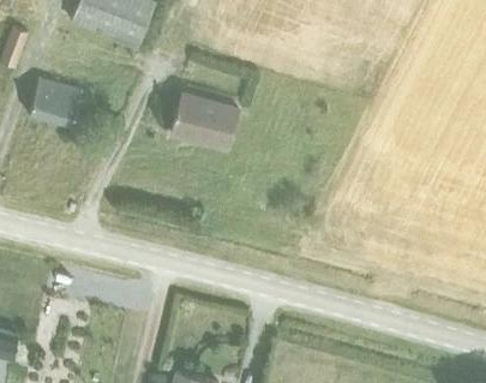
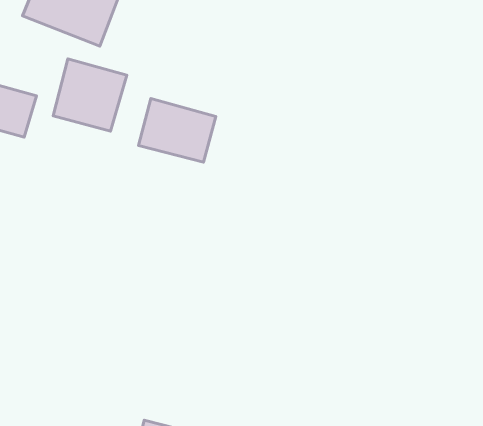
building: none -> [53,59,127,131]

